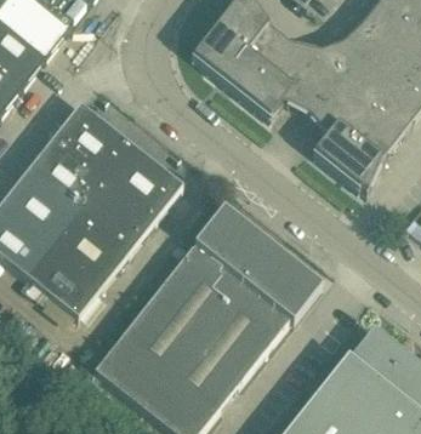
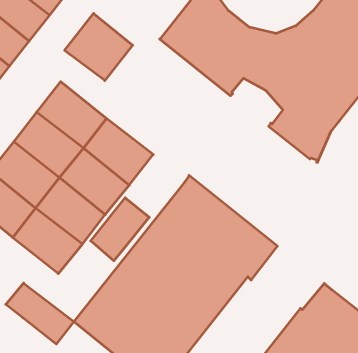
building: none -> [65,13,133,81]
building: none -> [91,198,149,261]
building: none -> [6,283,74,344]

